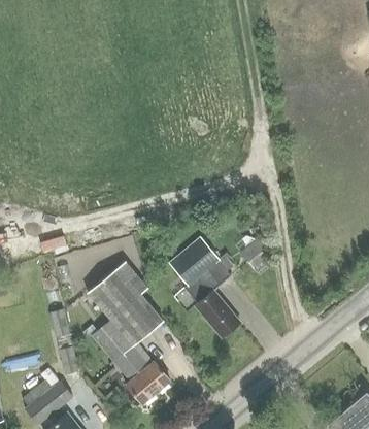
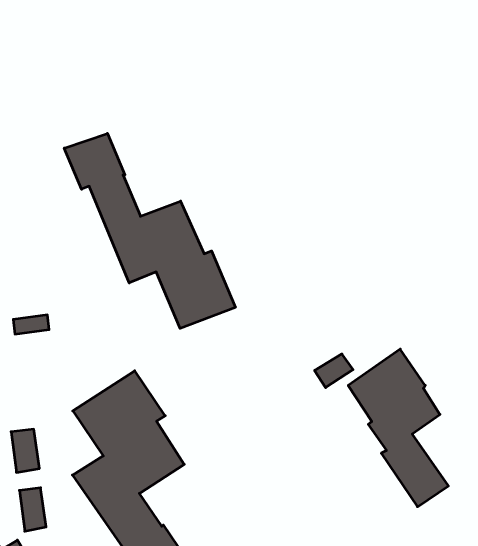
building: none -> [64,133,235,328]
building: [169,237,240,337] -> [348,349,448,507]

